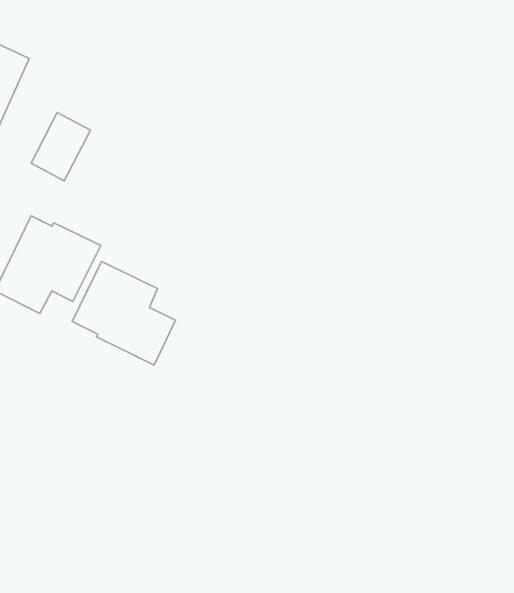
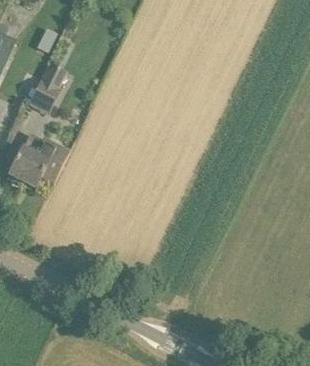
building: [72,261,176,365] -> none

